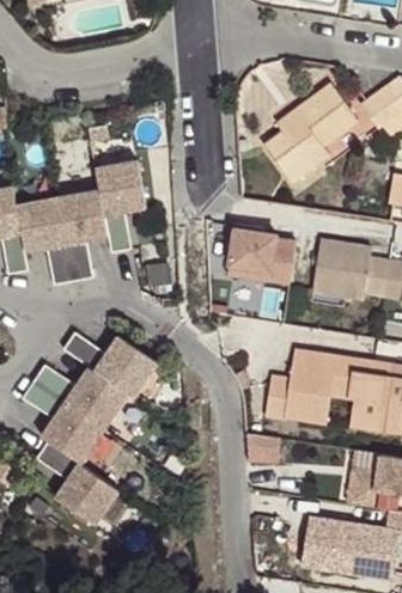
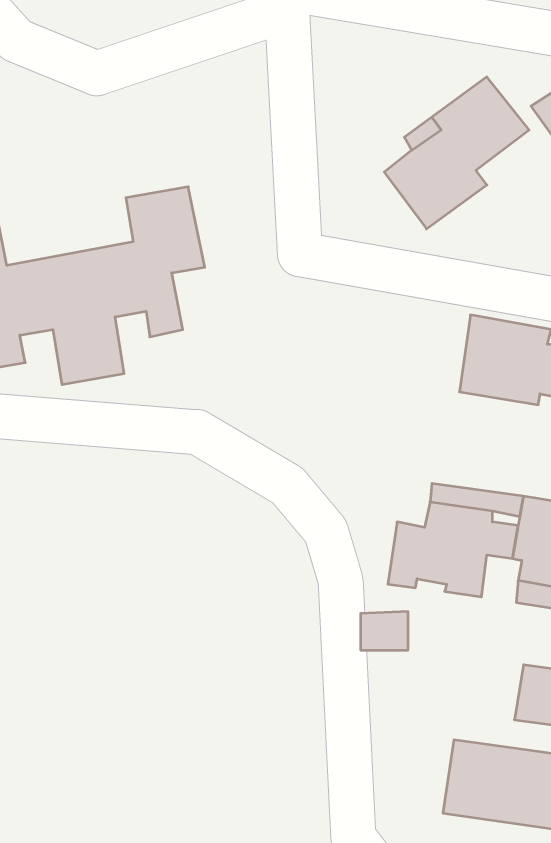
building: [218,224,294,281] -> none
building: [22,331,158,521] -> none

